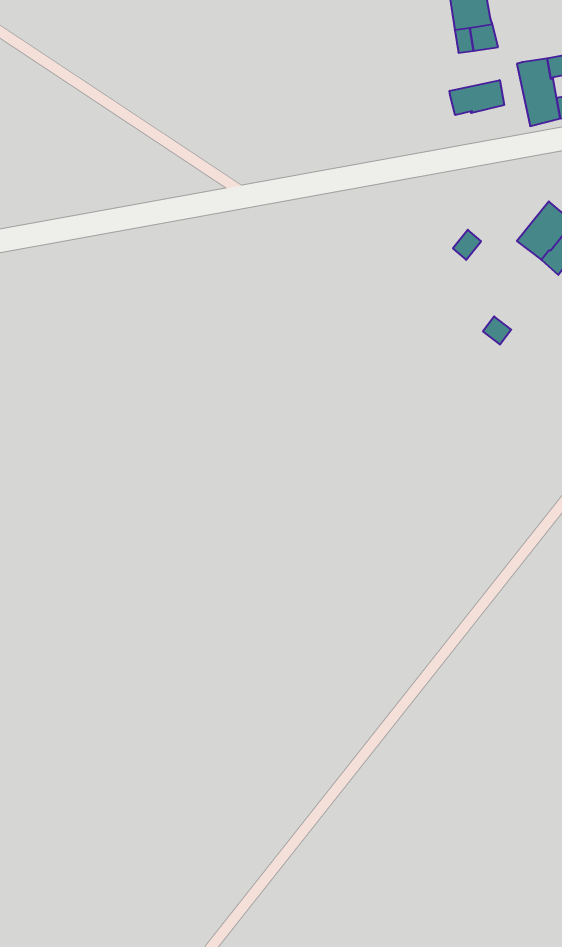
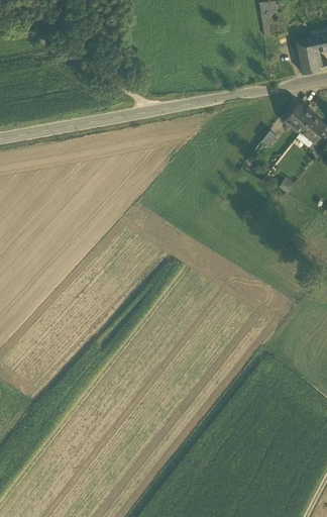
building: [450,80,504,115] -> none
building: none -> [285,103,314,133]

